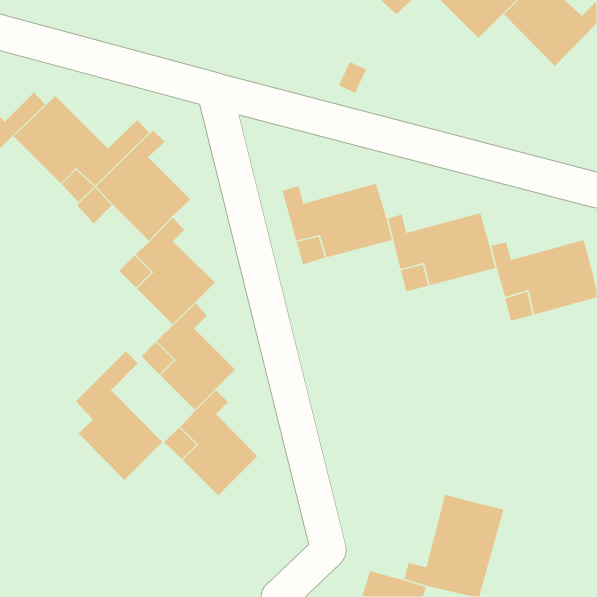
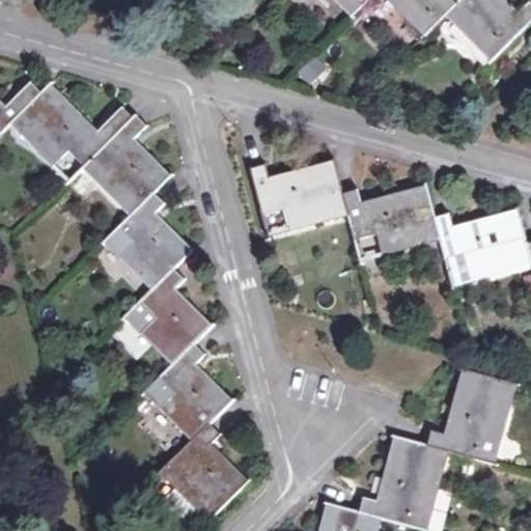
building: [75,350,163,481] -> none
building: none -> [424,368,514,463]
building: none -> [161,424,245,519]

